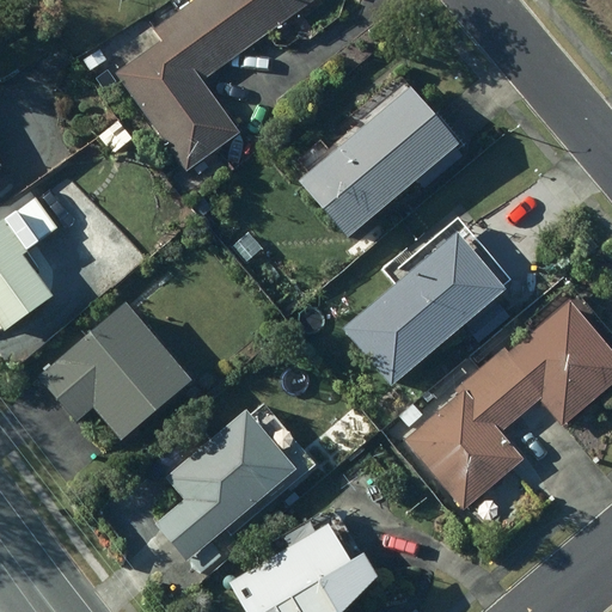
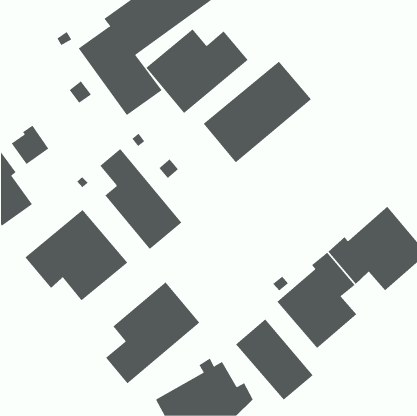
building: none -> [146,28,248,114]
building: none -> [99,148,182,250]
building: [344,233,504,386] -> none
building: none -> [235,319,314,400]

